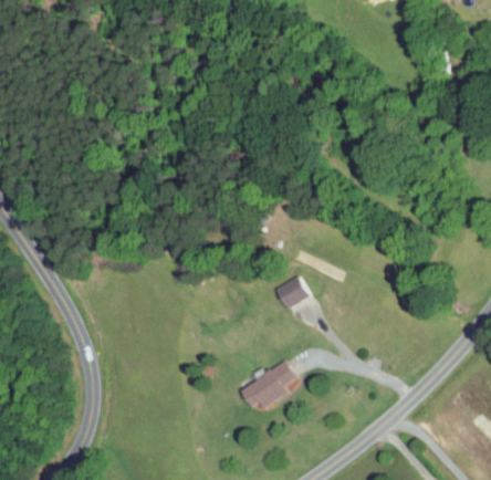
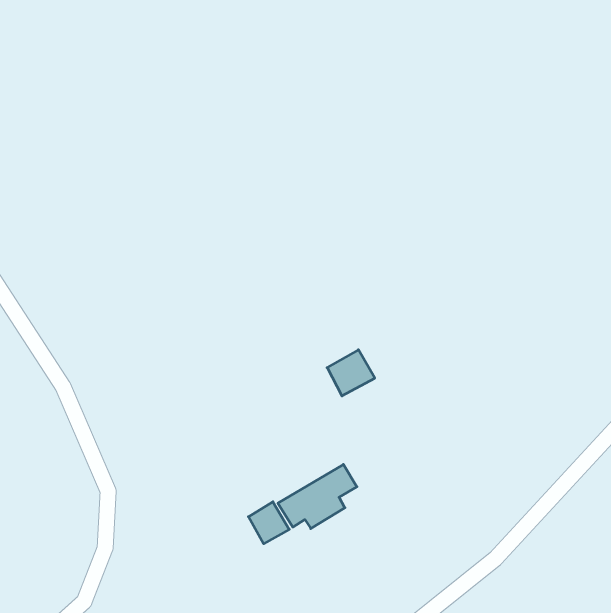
building: none -> [248,502,289,544]

